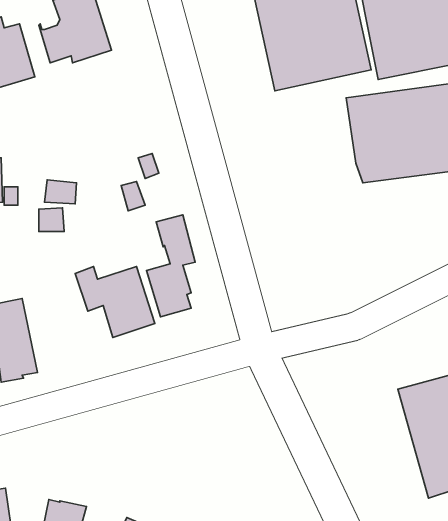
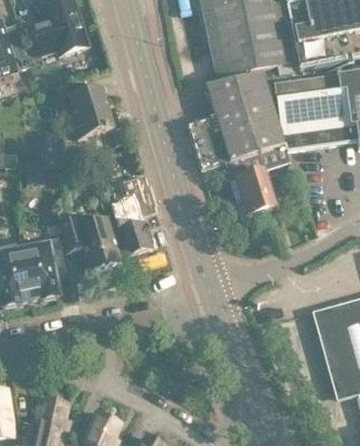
building: none -> [188,73,289,221]
building: none -> [68,83,114,137]
building: none -> [19,237,66,298]

